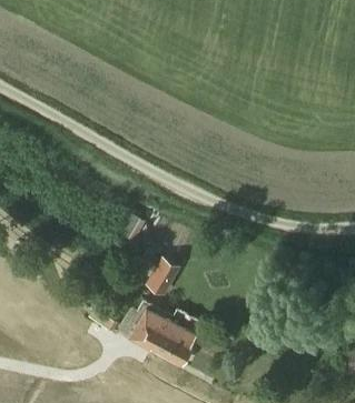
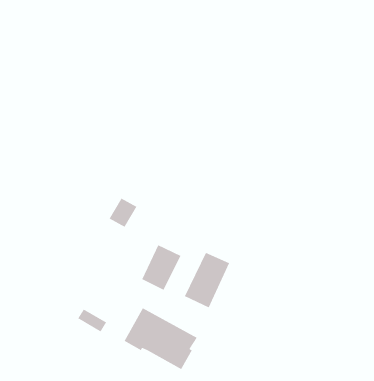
building: none -> [184,252,230,309]

